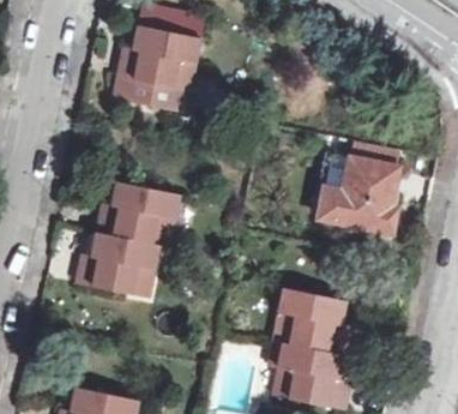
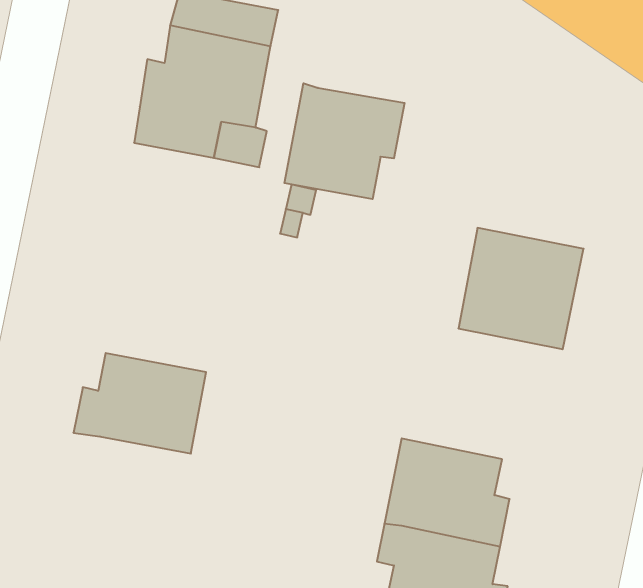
building: none -> [284,83,405,199]
building: [96,182,180,246] -> none

